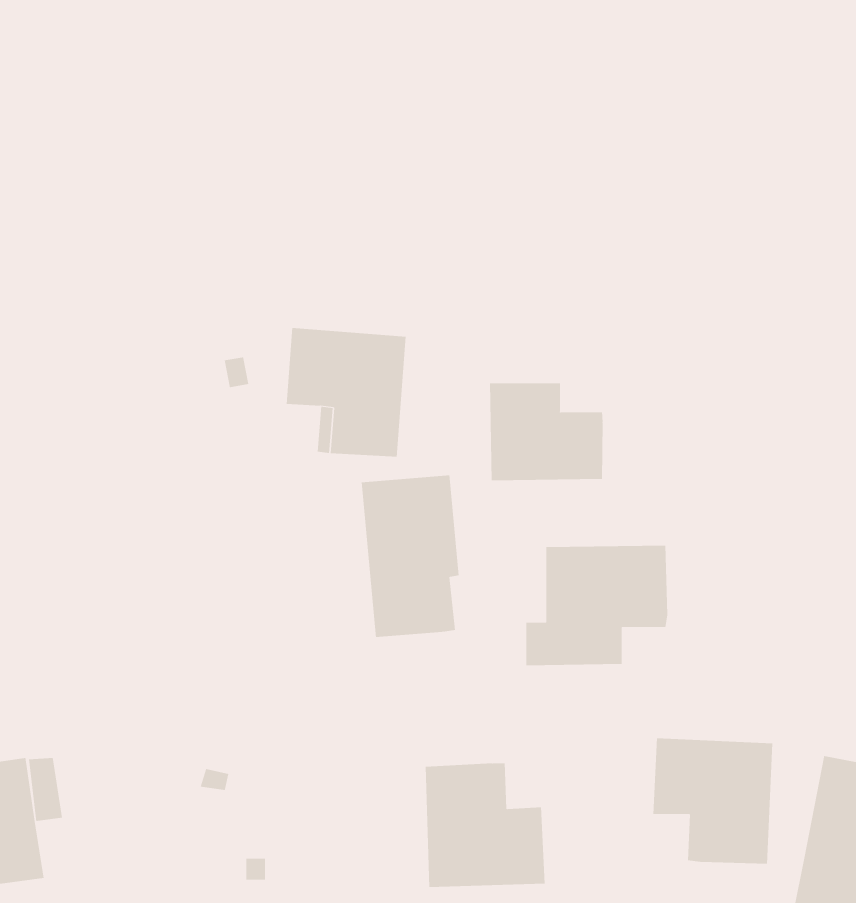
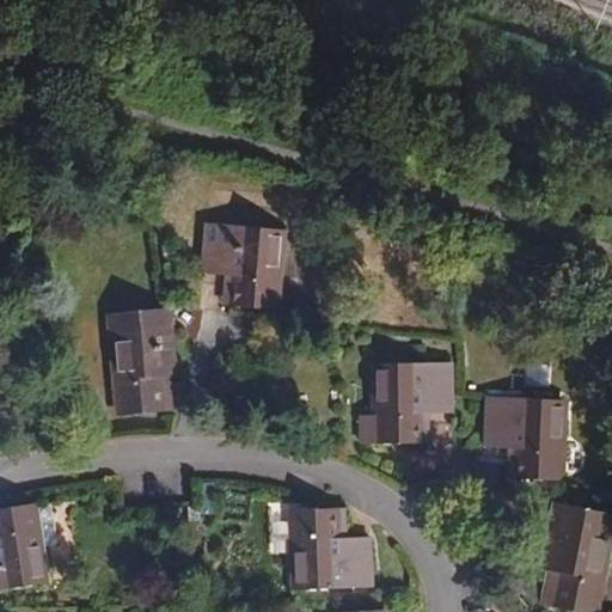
building: [490,383,603,481] -> none
building: [361,475,459,638] -> [111,308,176,415]
building: [653,738,773,864] -> [485,397,564,479]

